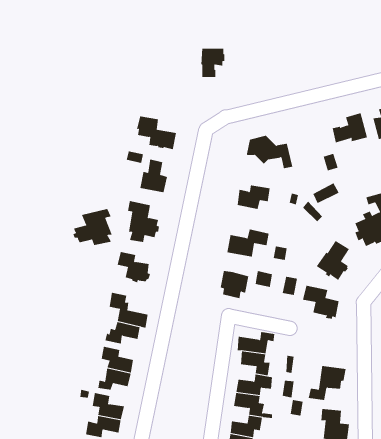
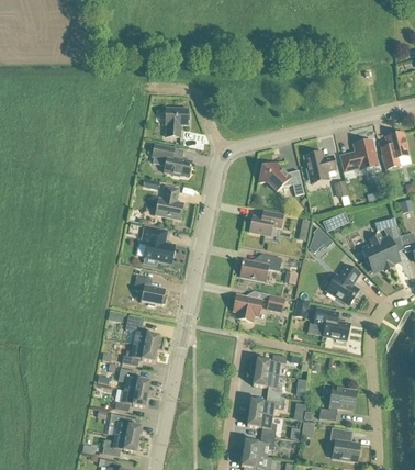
building: [200,48,225,77] -> [165,108,189,136]
building: none -> [304,153,335,184]
building: [72,208,112,246] -> none

